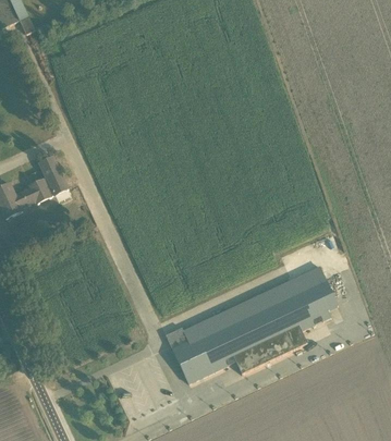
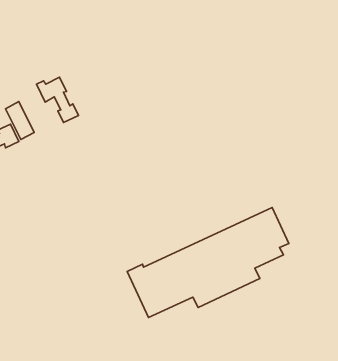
building: none -> [36,77,78,122]

